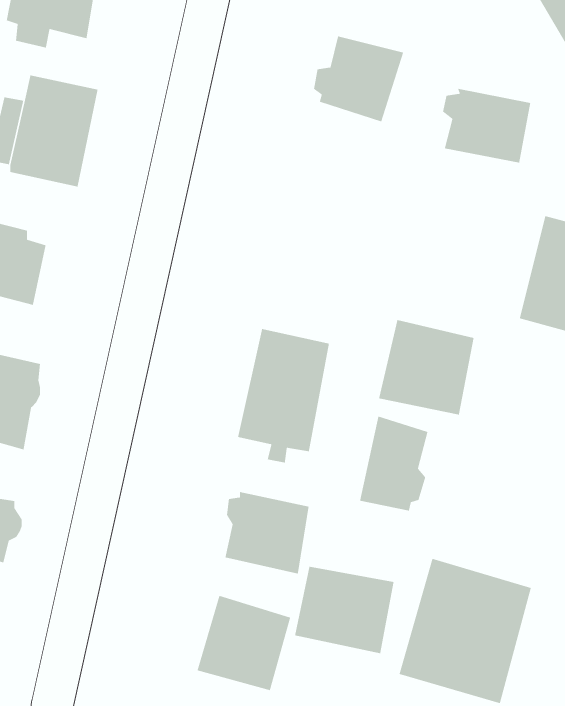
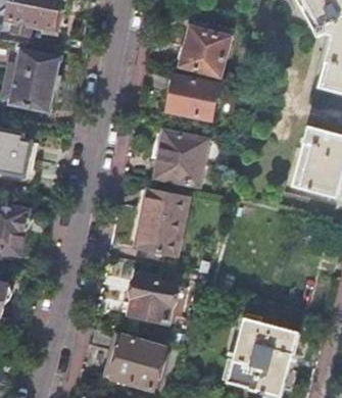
building: [442,88,531,164] -> [166,77,215,118]
building: [378,319,474,415] -> [153,131,206,184]
building: [359,415,429,512] -> none
building: [294,566,395,654] -> none

